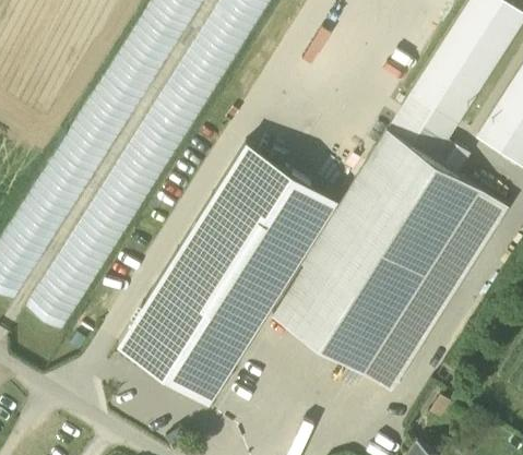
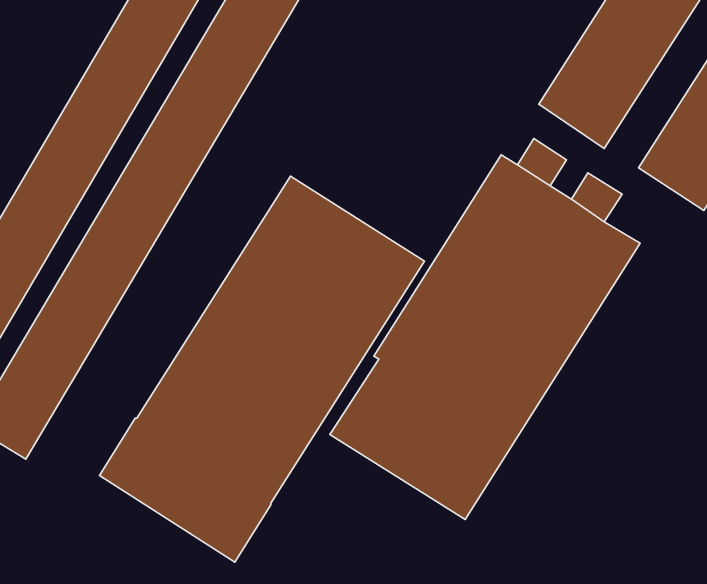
building: [360,190,506,393] -> none

